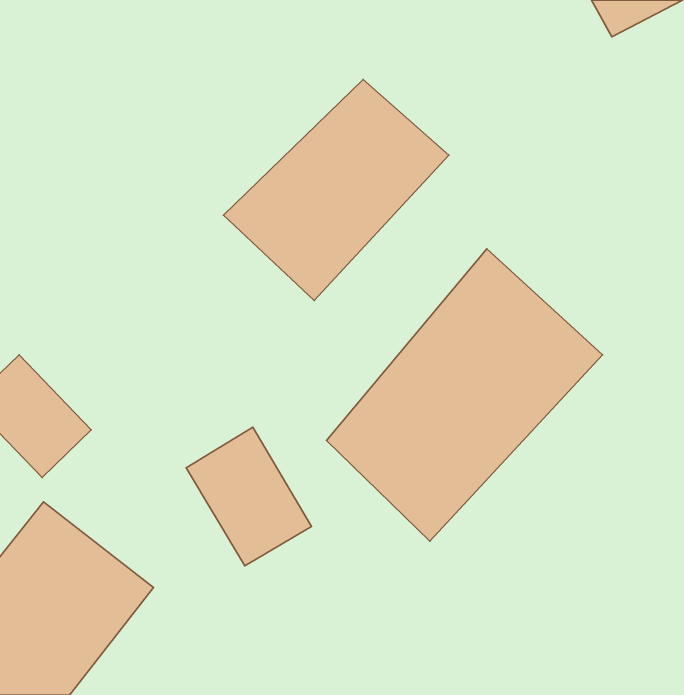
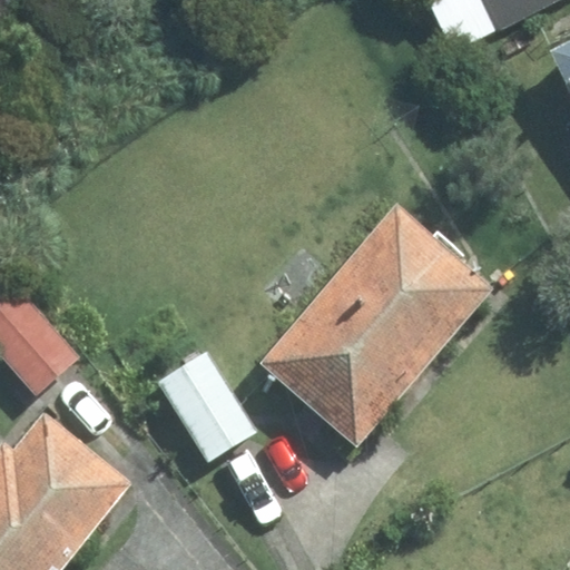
building: [224,79,449,300] -> none

